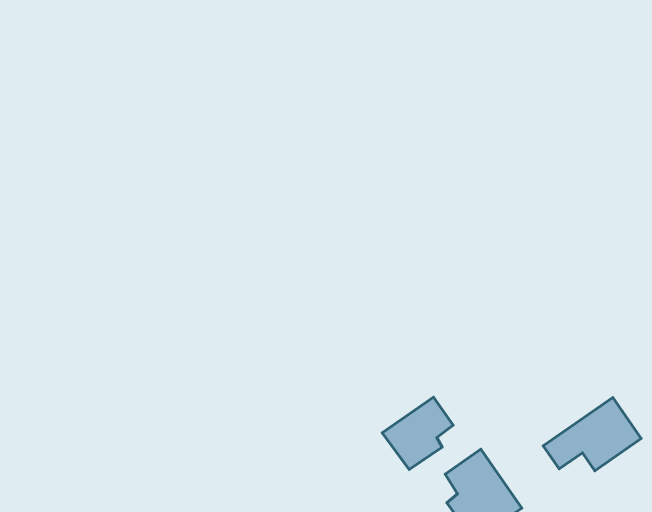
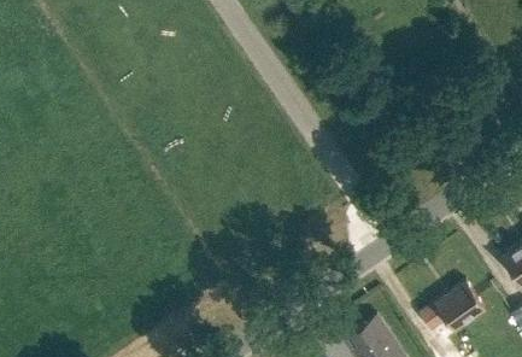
building: [382,397,453,470] -> none

